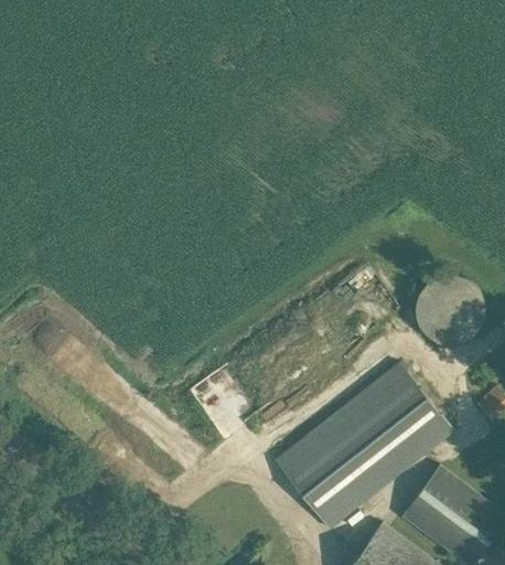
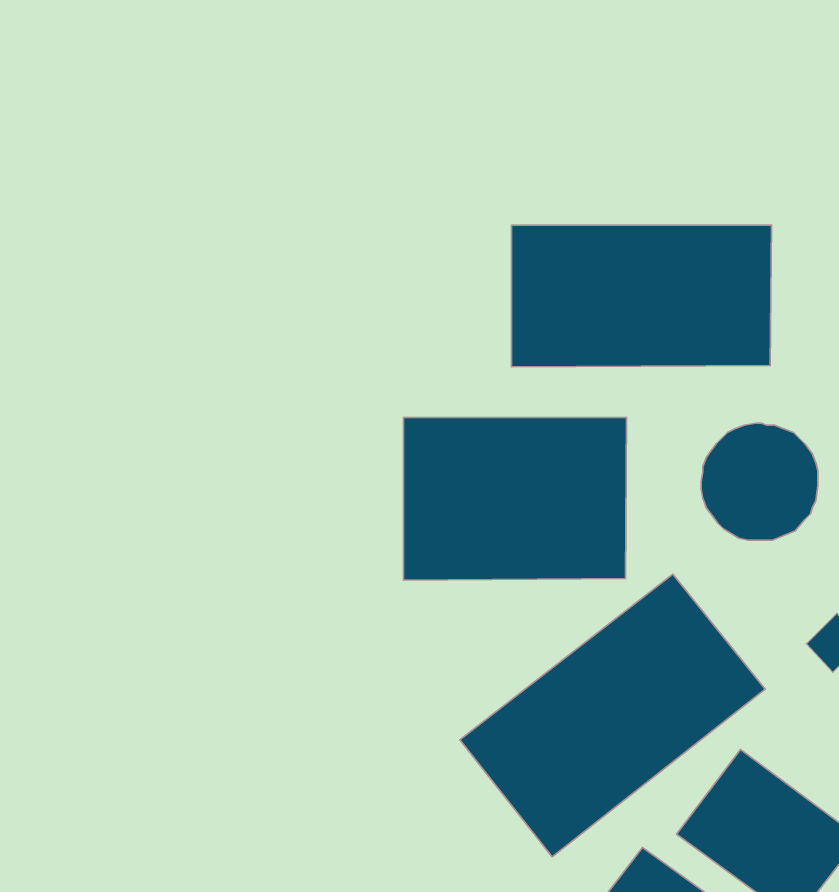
building: none -> [511,225,772,367]
building: none -> [403,417,627,580]

